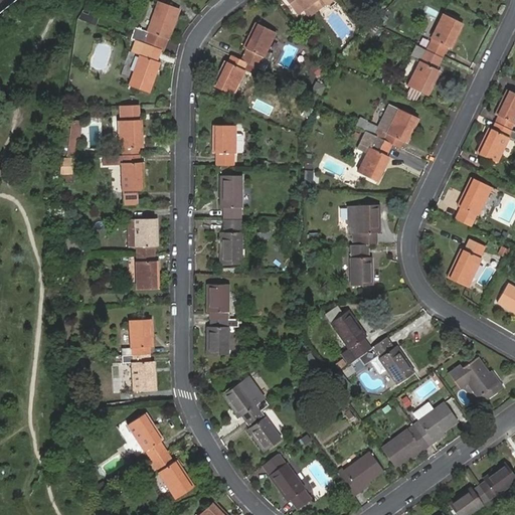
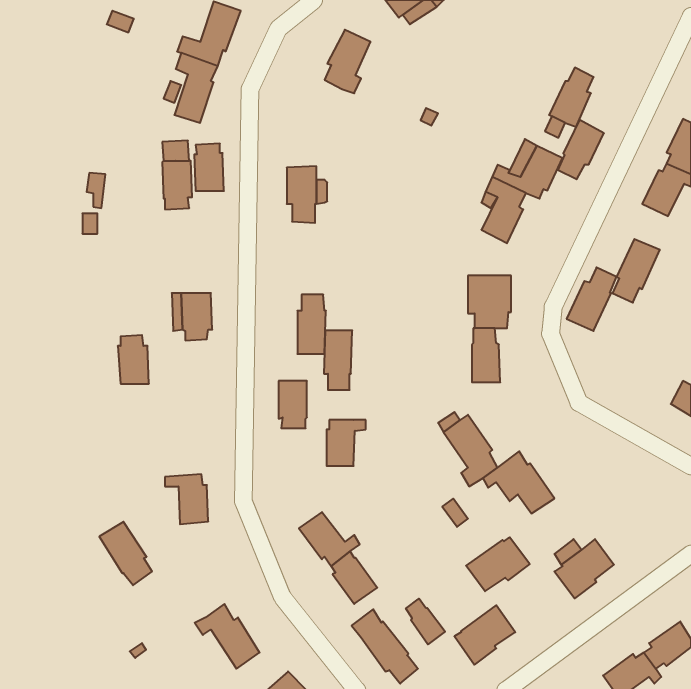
building: [427,14,462,58] -> [558,120,604,179]
building: [213,56,254,95] -> none
building: [122,156,144,191] -> [194,144,224,191]
building: [221,176,242,220] -> [324,330,352,390]
building: [448,239,485,287] -> [567,267,617,331]
building: [136,253,159,290] -> [118,335,149,384]
building: [123,320,153,356] -> none
building: [207,320,236,354] -> [327,420,366,466]
building: [448,358,503,403] -> none
building: [128,413,167,461] -> [99,522,152,585]
building: [380,426,427,467] -> [466,537,530,591]
building: none -> [406,599,445,644]

